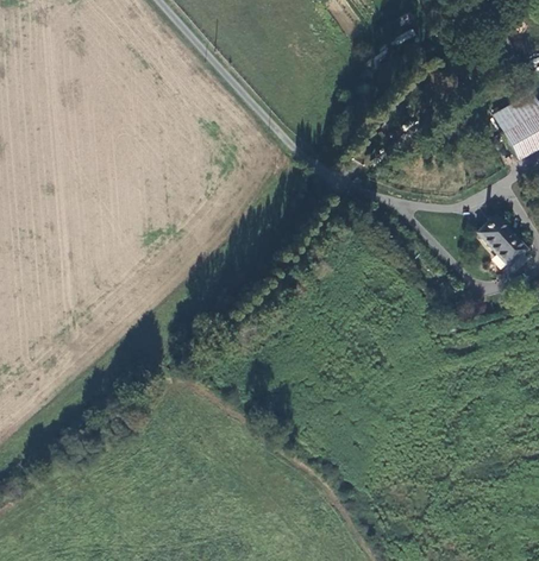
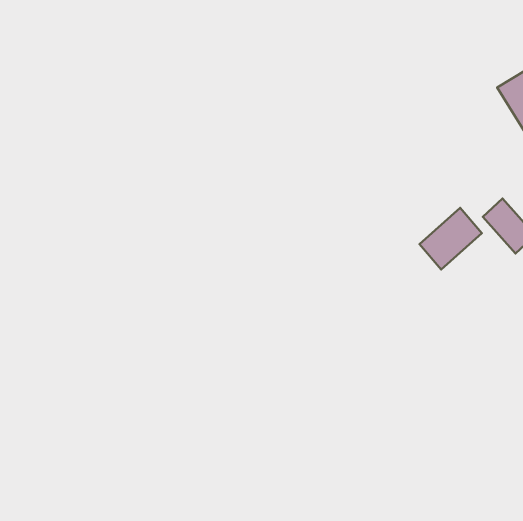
building: none -> [419,208,482,269]

